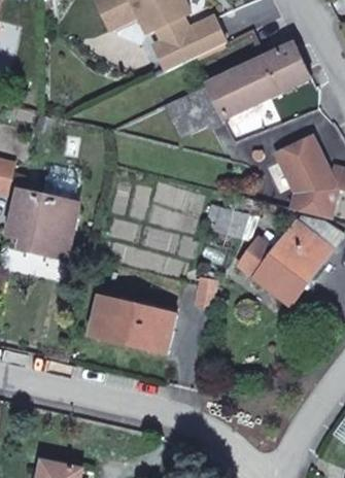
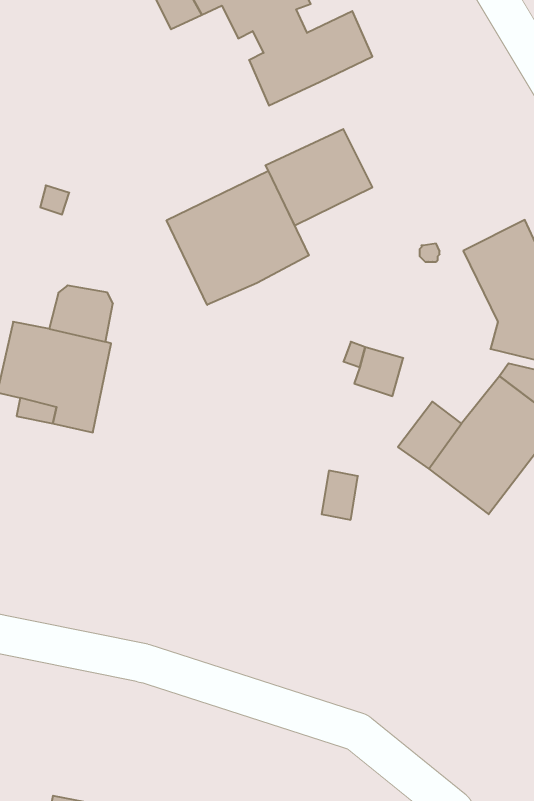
building: [207,43,310,116] -> none
building: none -> [167,171,309,305]
building: [90,296,174,351] -> none

